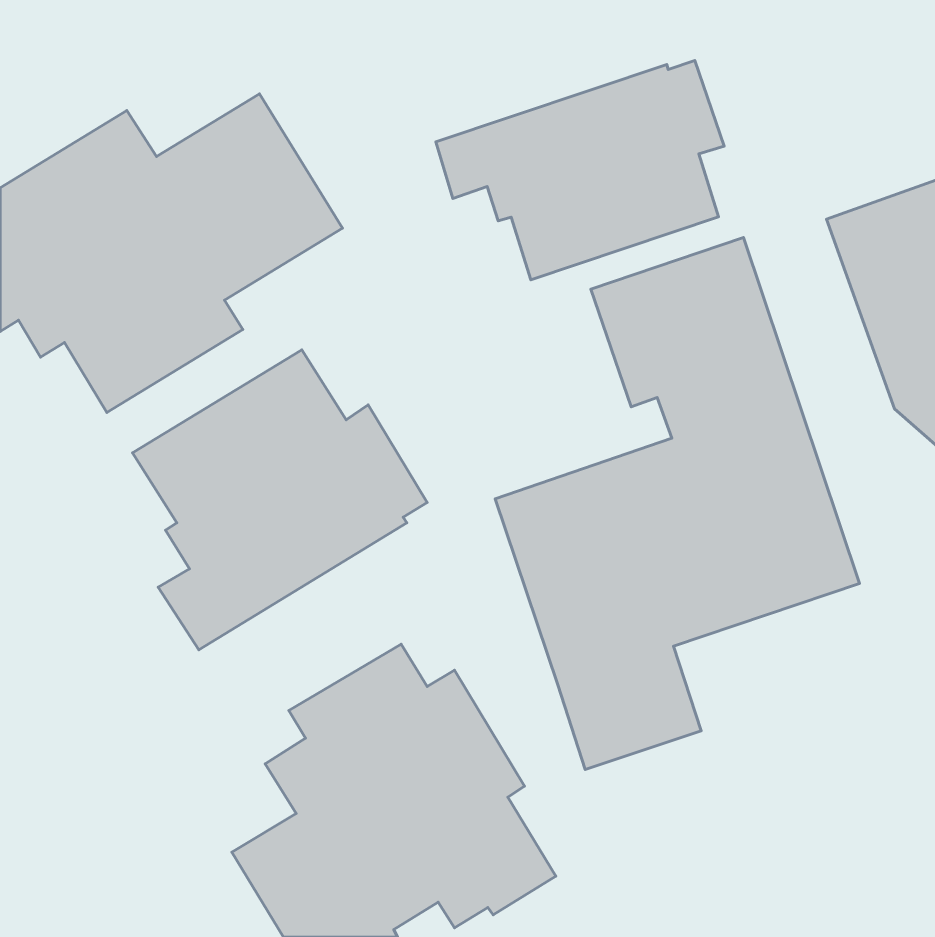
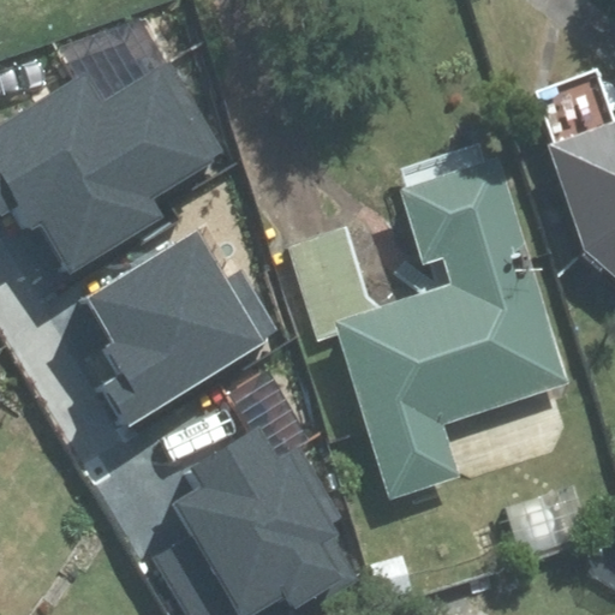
building: [436,61,724,280] -> none

